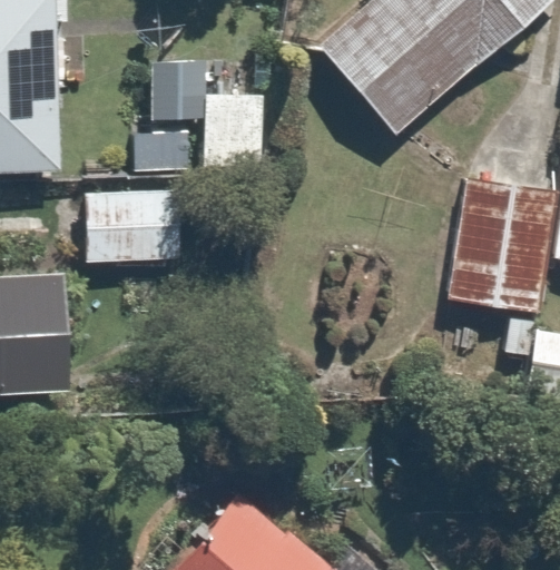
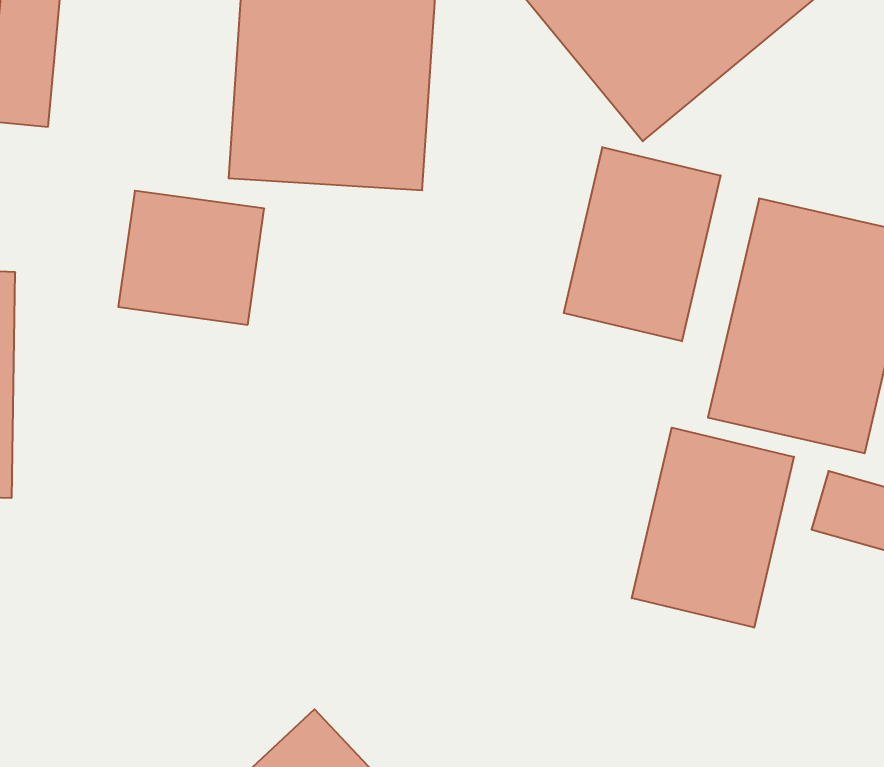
building: none -> [564,147,721,341]
building: none -> [632,428,794,628]

